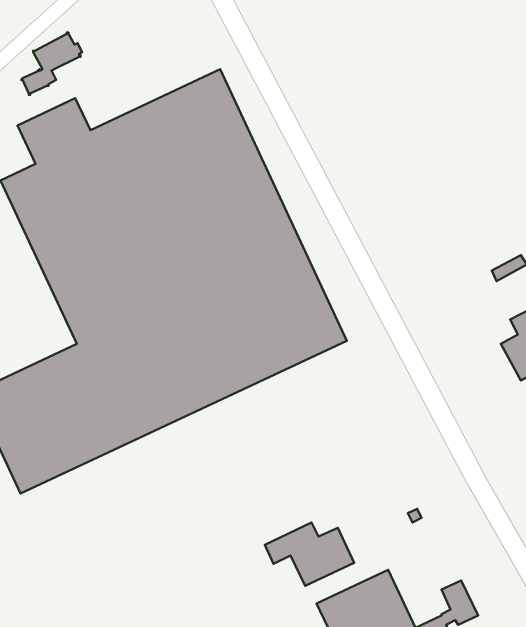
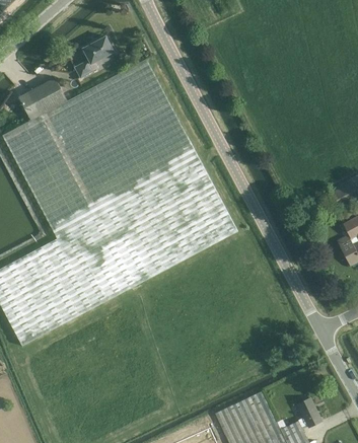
building: [21,32,82,95] -> [75,36,116,78]
building: [265,522,354,586] -> none

